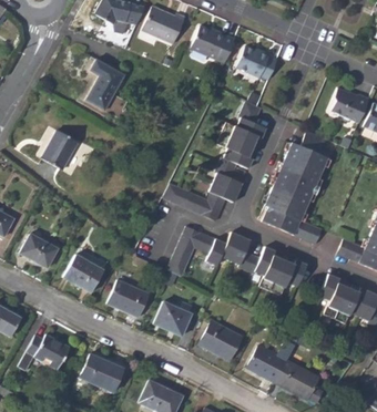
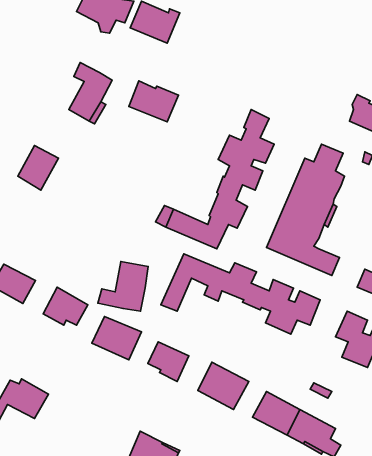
building: [190,27,233,62] -> [129,81,179,122]
building: [234,44,276,79] -> none
building: none -> [98,261,148,311]
building: [80,352,123,391] -> none

